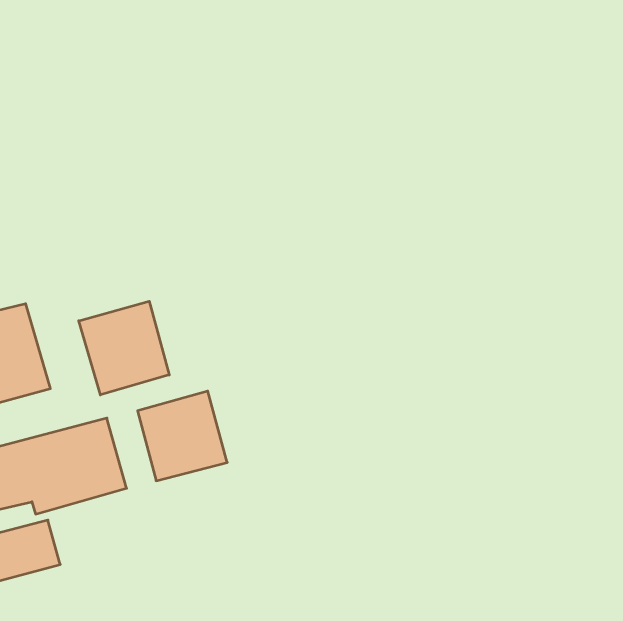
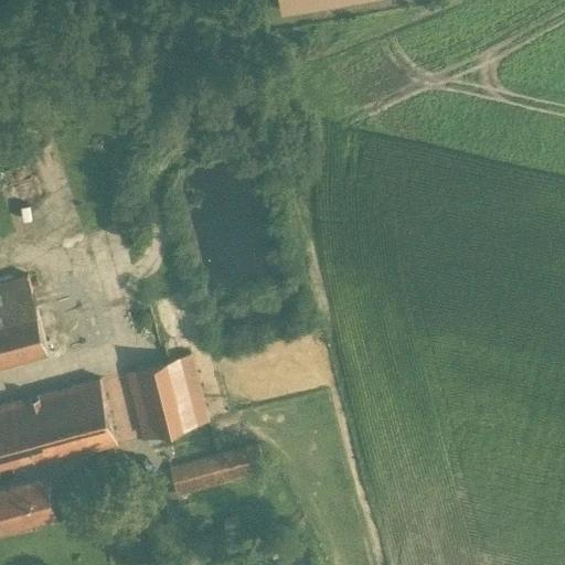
building: [79,301,169,395] -> none
building: none -> [167,447,260,494]

